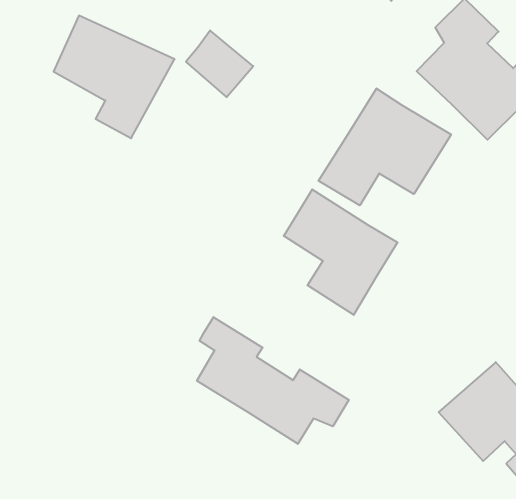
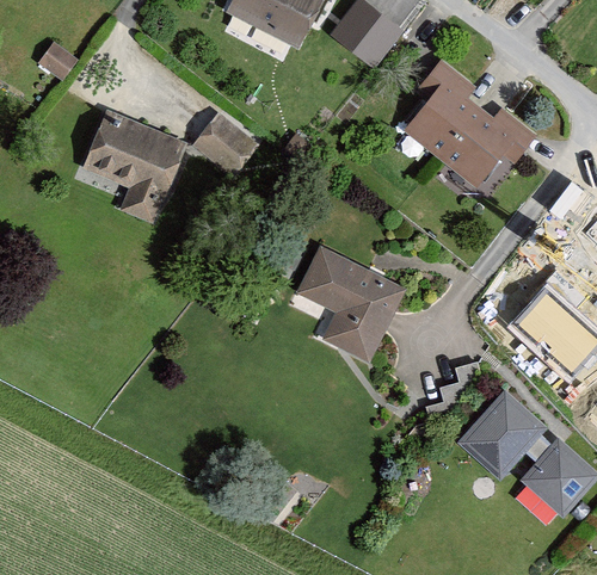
building: [319,88,451,205] -> none
building: [197,317,349,444] -> none

